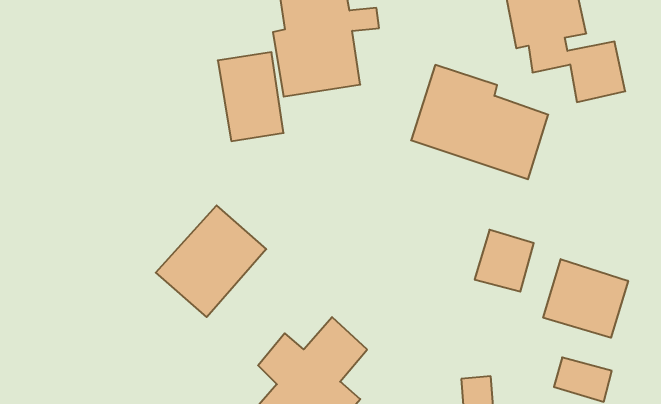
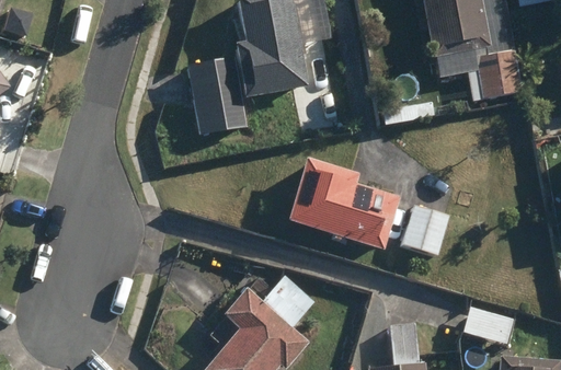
building: [411,65,548,179] -> [288,157,400,250]
building: [156,205,266,317] -> none
building: [543,259,628,338] -> none

